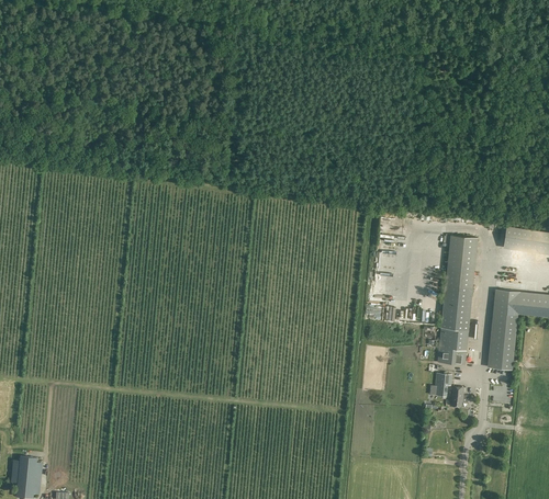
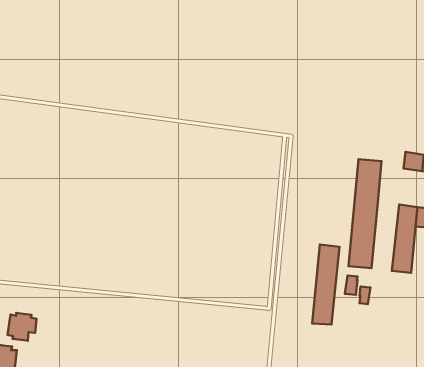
building: none -> [312,244,340,324]
building: none -> [8,313,36,341]

